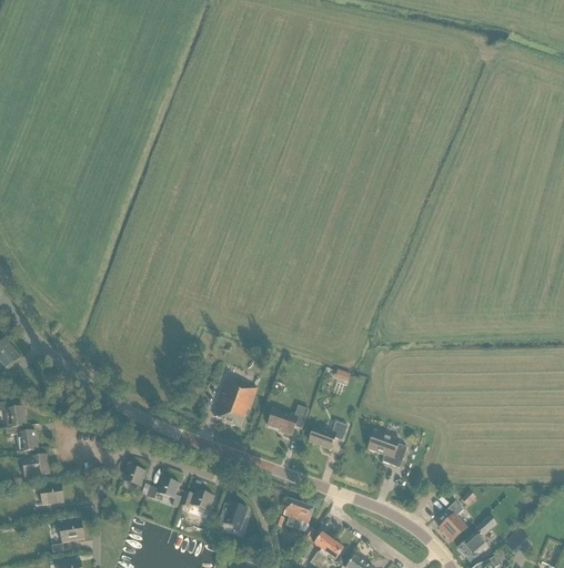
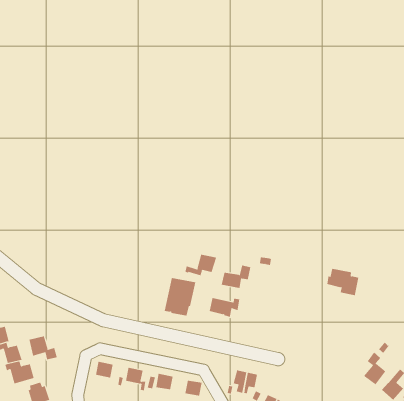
building: none -> [185,254,217,276]
building: [308,420,346,448] -> [221,265,251,289]
building: none -> [29,336,57,360]
building: [366,429,406,467] -> [326,268,359,296]

